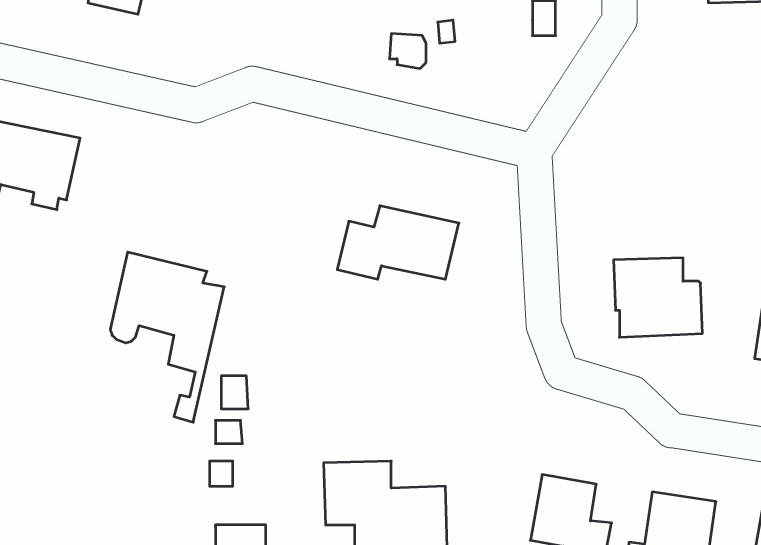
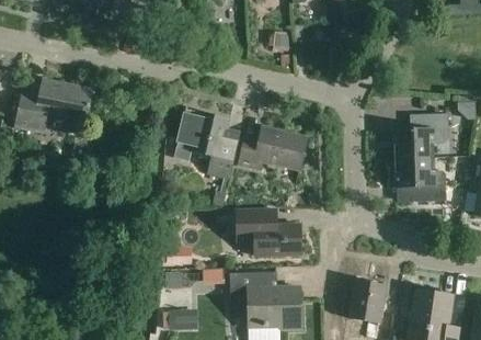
building: none -> [393,113,449,158]
building: [110,252,224,422] -> [175,109,240,205]
building: none -> [236,208,301,256]

